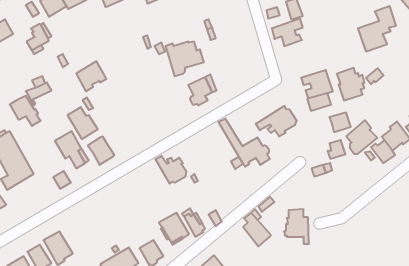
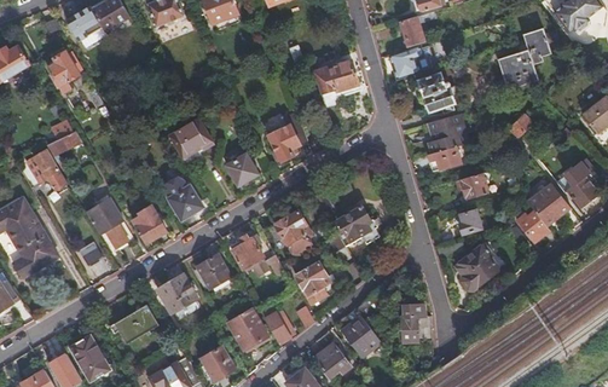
building: [166,42,204,76] -> [313,62,365,109]
building: [76,61,106,91] -> [169,119,210,160]
building: [337,68,364,101] -> [418,73,456,117]
building: none -> [226,152,257,185]
building: [256,106,296,137] -> none
building: [68,107,98,139] -> [161,175,202,219]
building: [346,120,377,154] -> [456,243,498,289]
building: none -> [276,210,313,256]
building: none -> [197,253,231,294]
building: none -> [294,262,329,302]
building: none -> [158,273,197,312]
building: none -> [118,302,160,342]
building: none -> [313,341,352,376]

